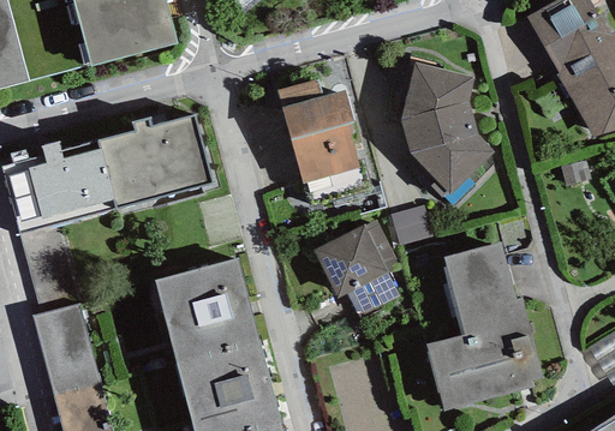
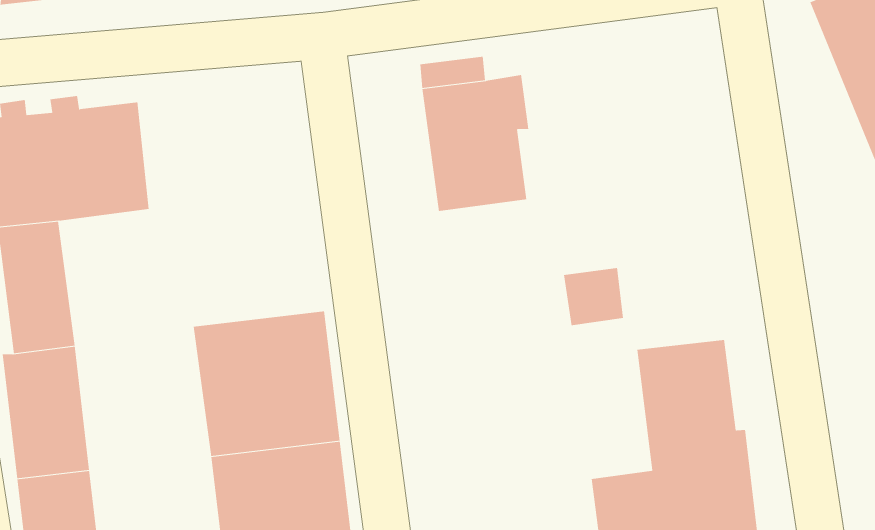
building: [401,62,494,198] -> none
building: [98,114,213,209] -> none
building: [312,219,400,317] -> none

